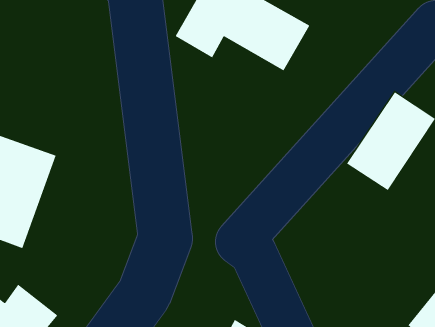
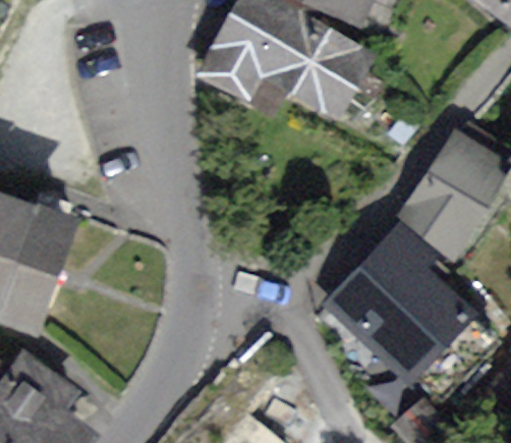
building: none -> [331,242,464,375]

